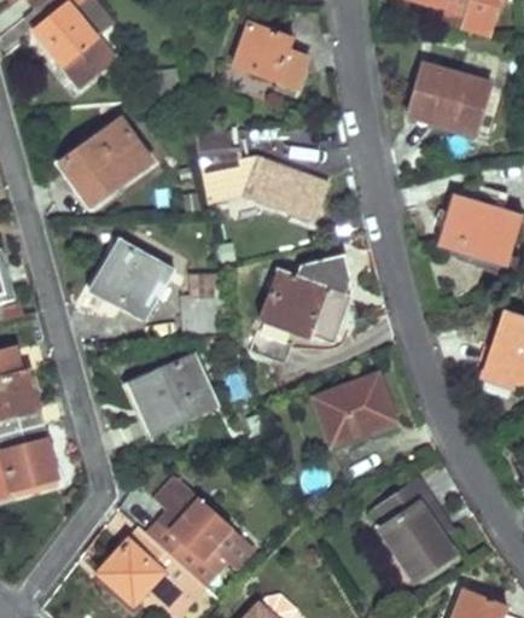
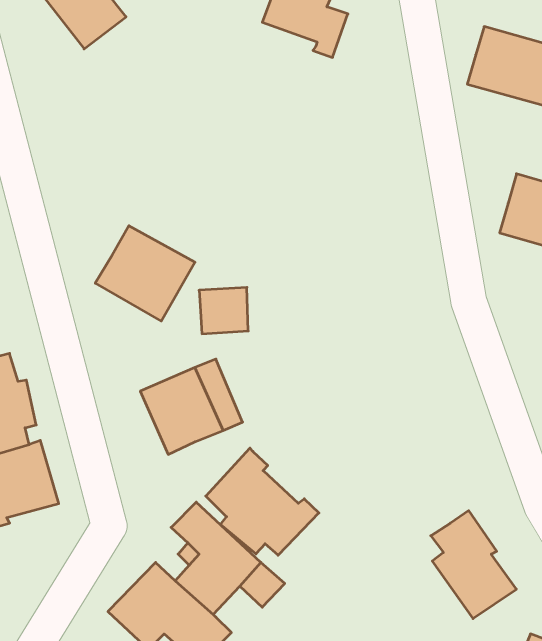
building: [60,119,151,206] -> none
building: [193,130,327,221] -> none
building: [249,255,350,362] -> none
building: [316,373,395,443] -> none
building: none -> [206,448,319,555]

